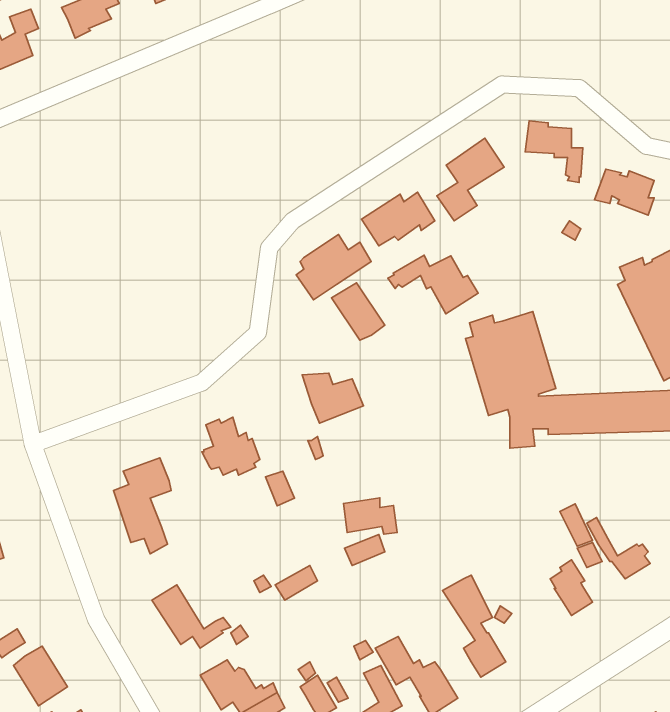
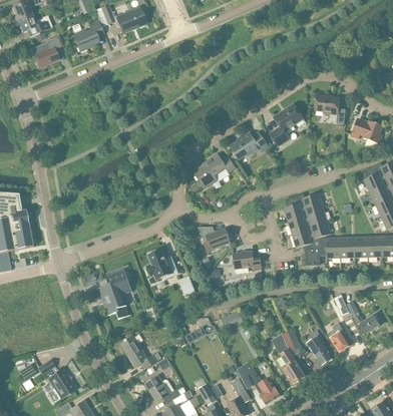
building: [388,255,478,314] -> none
building: [332,283,385,340] -> none
building: [343,498,397,534] -> [234,251,262,270]
building: none -> [307,330,333,365]

